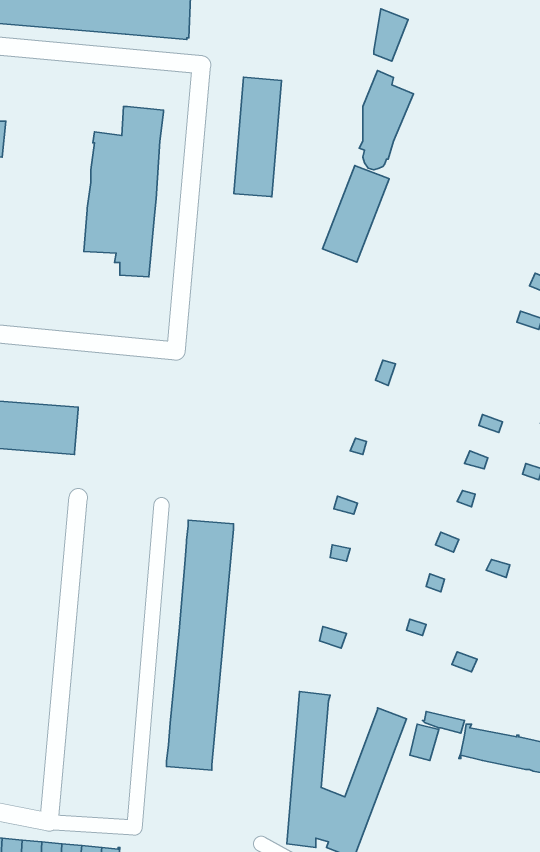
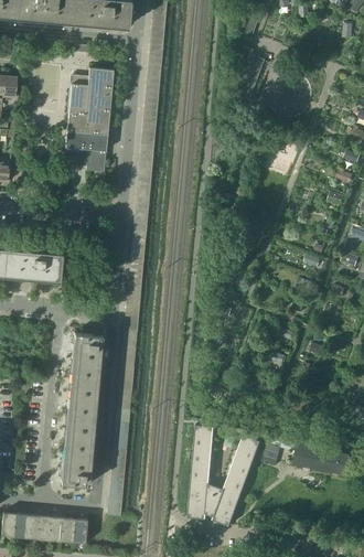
building: [234,77,282,197] -> none
building: [322,166,389,262] -> none
building: [167,520,234,770] -> [62,333,103,485]

